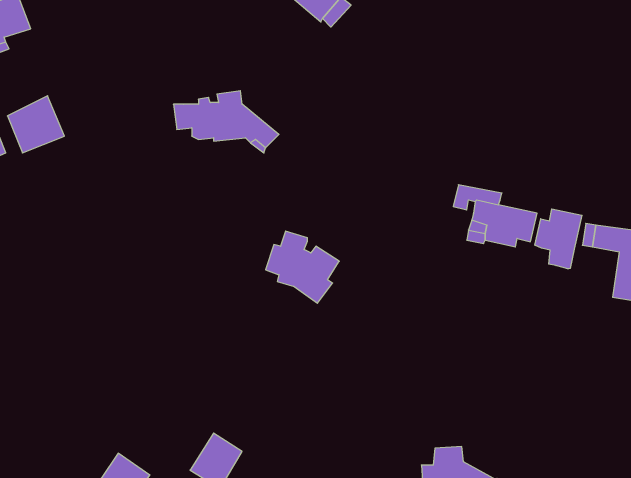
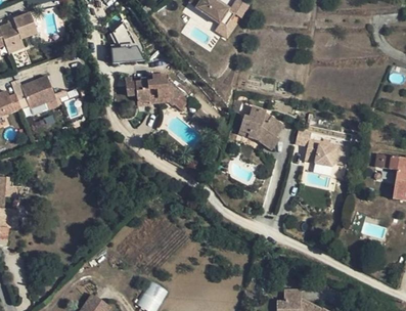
building: none -> [111,24,141,62]
building: [535,209,582,269] -> none
building: [266,231,339,303] -> [239,105,284,149]

